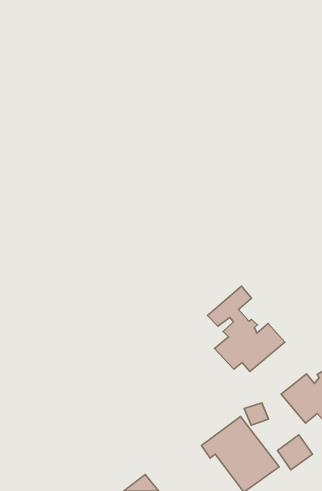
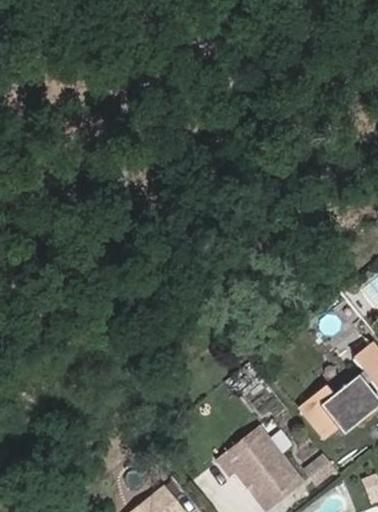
building: [207,286,285,371] -> none

